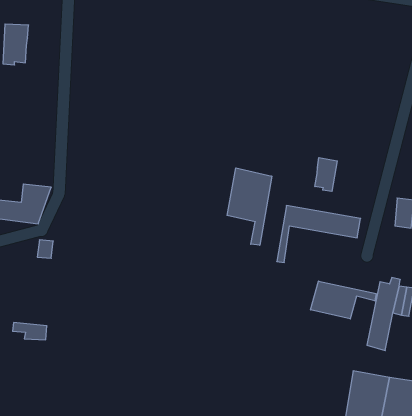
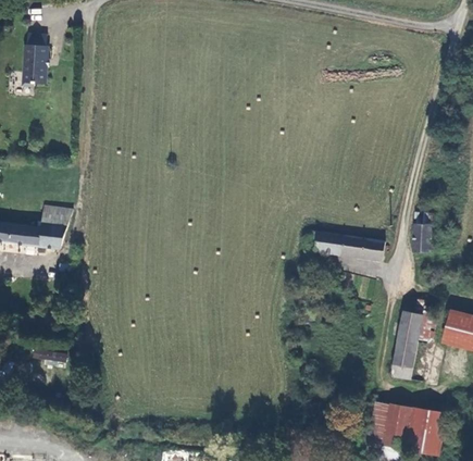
building: [315,158,337,191] -> none
building: [227,168,272,245] -> none
building: [311,281,376,319] -> none

